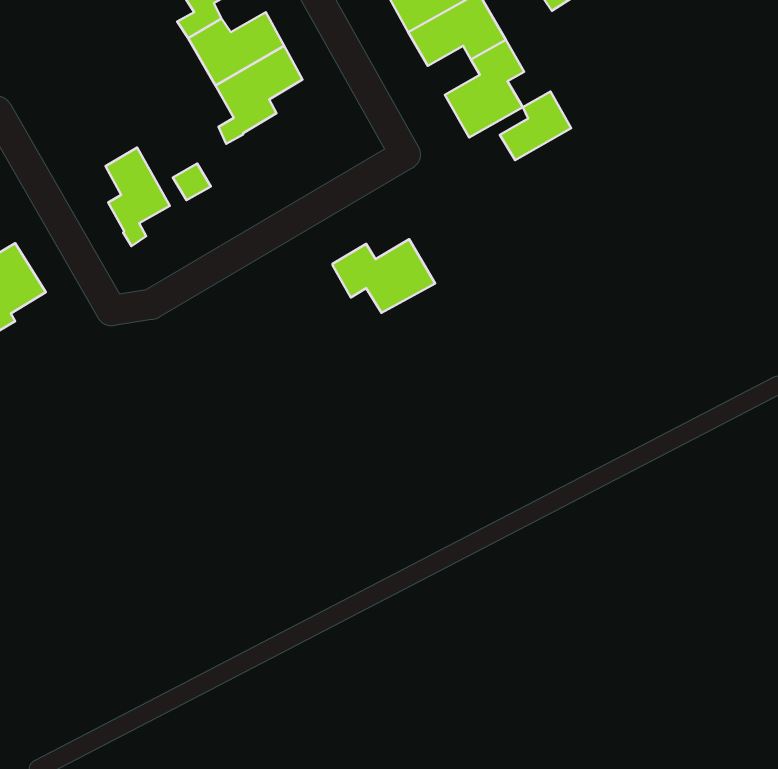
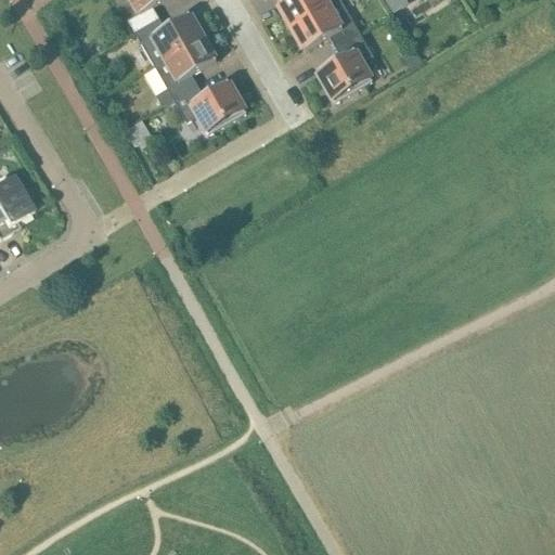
building: [500,92,571,160] -> none
building: [106,148,170,246] -> none
building: [333,239,435,313] -> [172,77,245,129]

